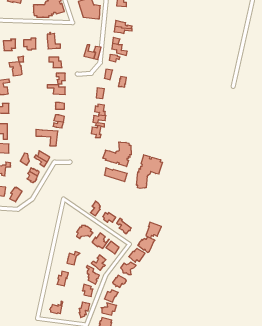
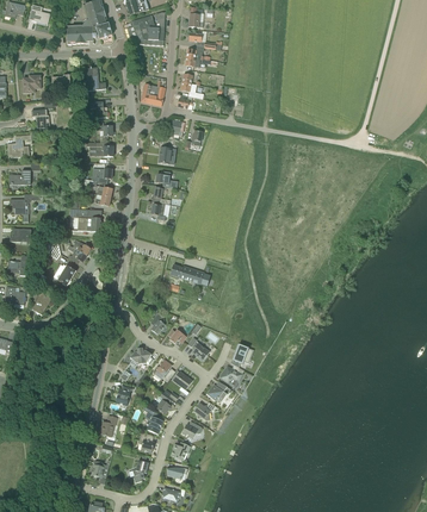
building: [103,142,131,167] -> none
building: [137,155,163,188] -> none

